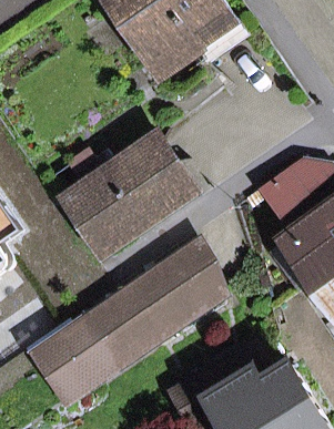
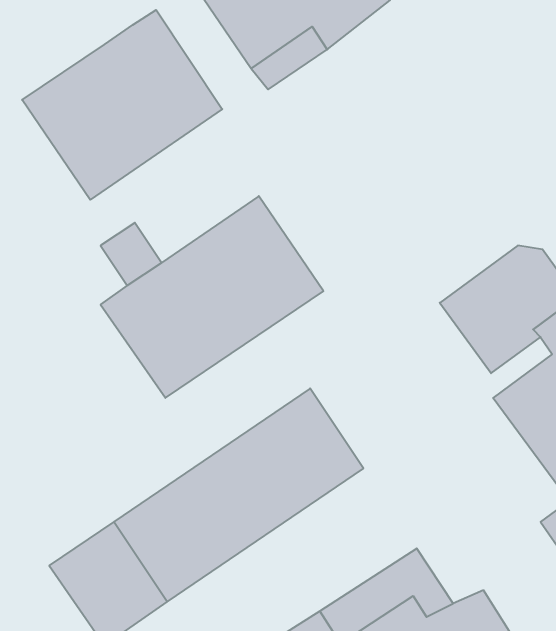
building: none -> [22,10,222,200]

